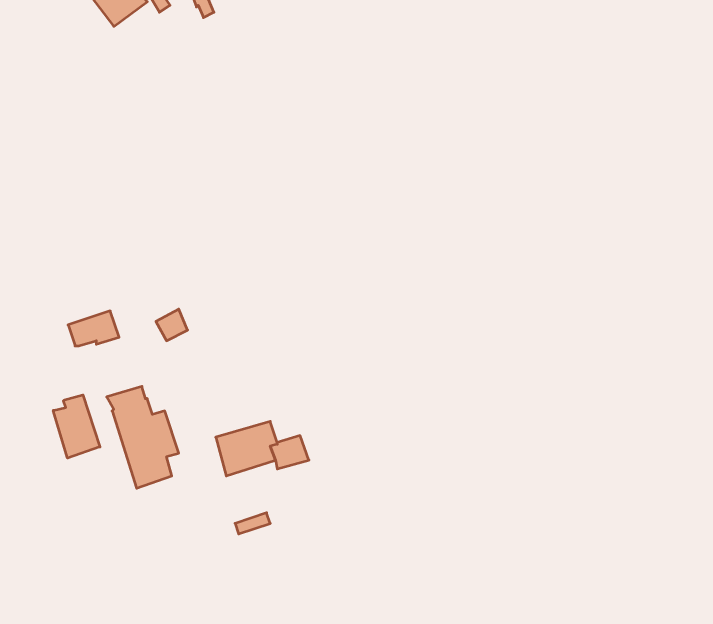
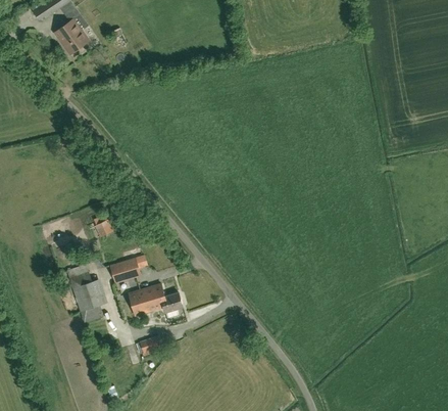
building: none -> [109,257,147,283]
building: [53,395,100,458] -> none

